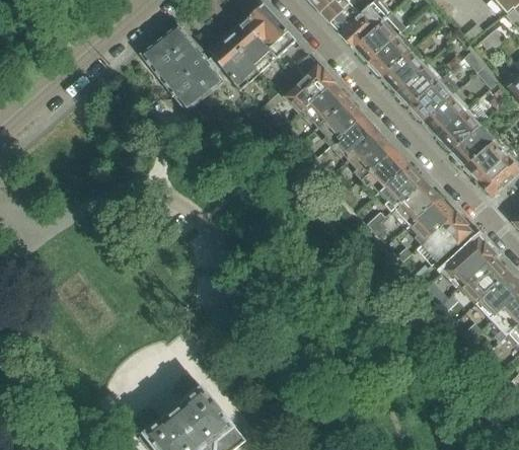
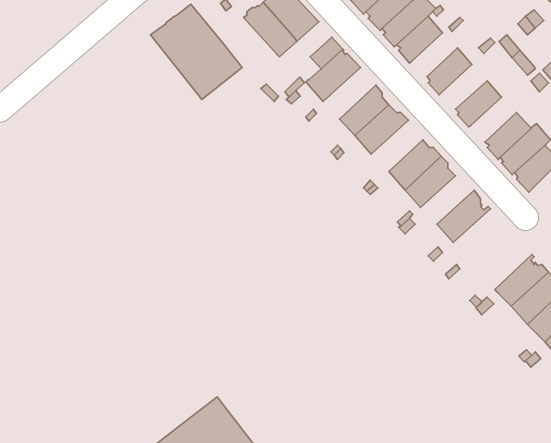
building: [210,33,261,85] -> none
building: [383,48,426,90] -> none
building: [411,77,453,120] -> none
building: [301,80,350,128] -> none
building: [438,107,480,150] -> none
building: [346,129,393,176] -> none
building: [391,180,441,225] -> none
building: [422,211,471,258] -> none
building: [445,236,495,286] -> none

